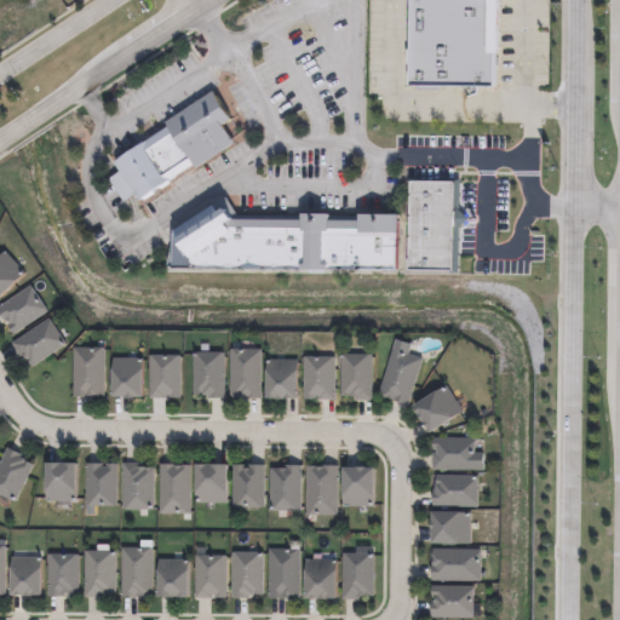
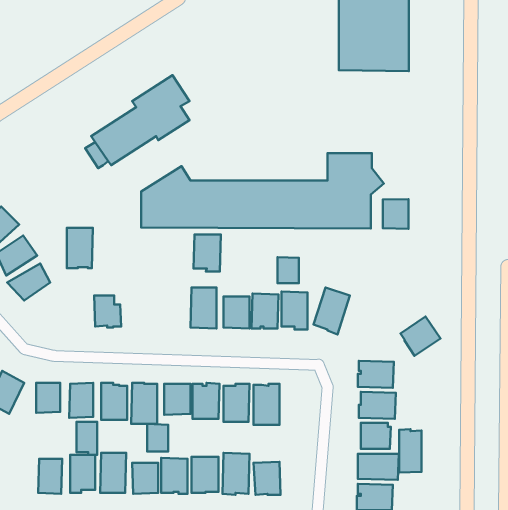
building: none -> [383,199,409,229]
building: none -> [277,257,299,283]
building: [74,346,105,395] -> [67,228,93,268]
building: [193,351,225,396] -> [194,235,221,272]
building: [149,354,180,396] -> none
building: [417,384,465,431] -> [400,317,440,356]
building: [346,465,378,505] -> none
building: none -> [76,422,97,455]
building: none -> [147,424,168,451]
building: none -> [399,429,422,472]
building: [343,551,374,598] -> none
building: [10,557,38,595] -> none

